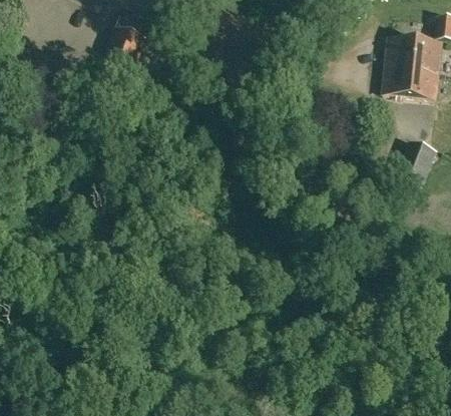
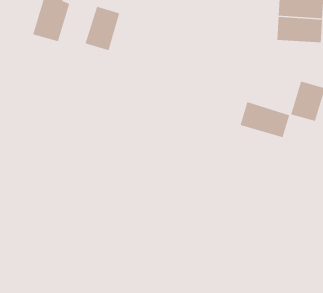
building: none -> [85,6,120,51]
building: none -> [240,101,290,138]

